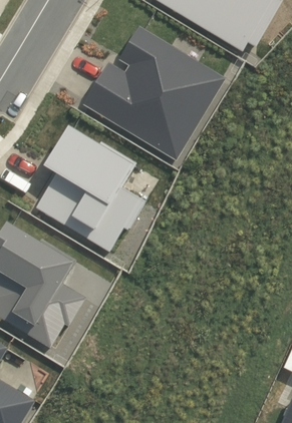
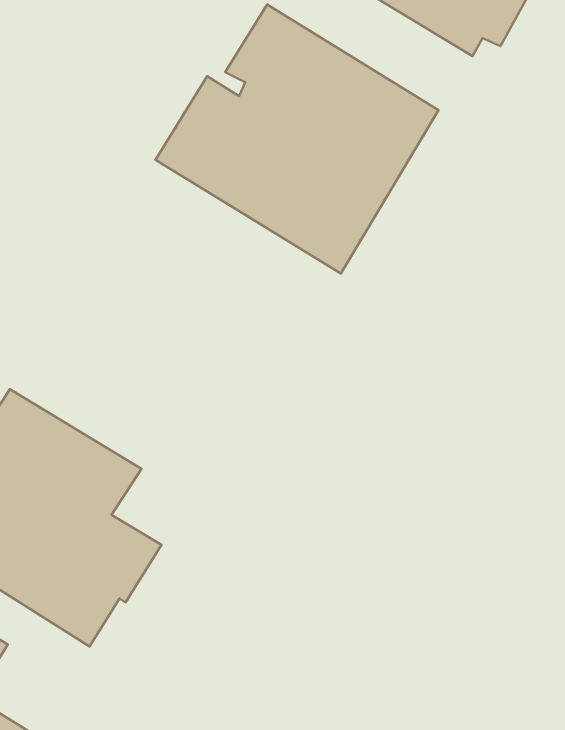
building: [35,122,145,252] -> none

